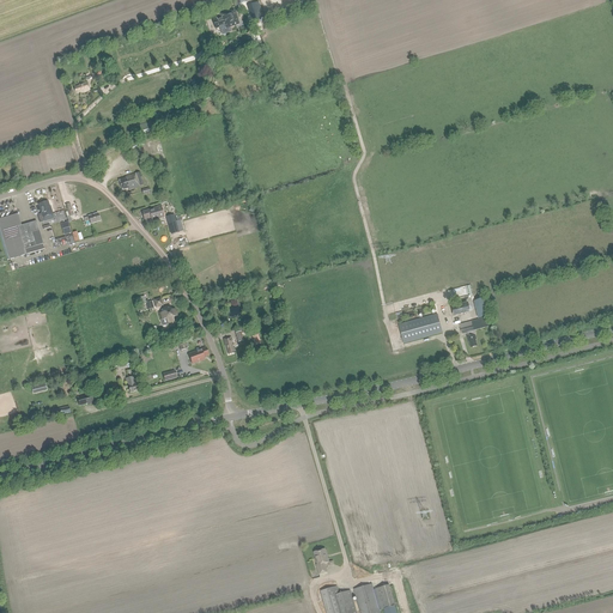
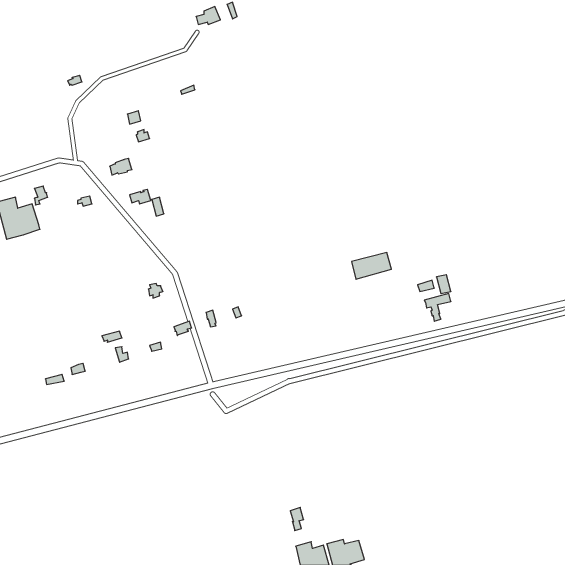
building: [397,314,441,342] -> [352,253,391,279]

